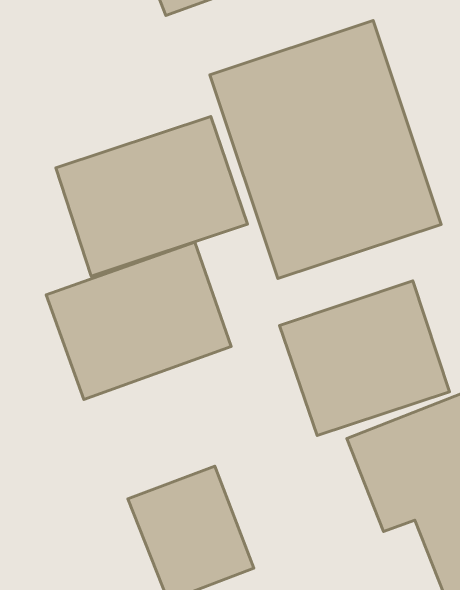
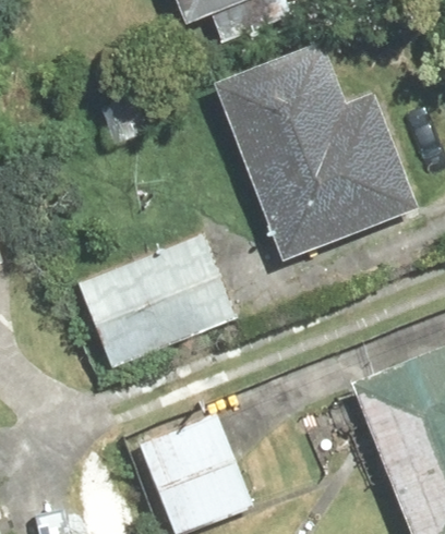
building: [56,117,248,276] -> none
building: [280,281,449,436] -> none

